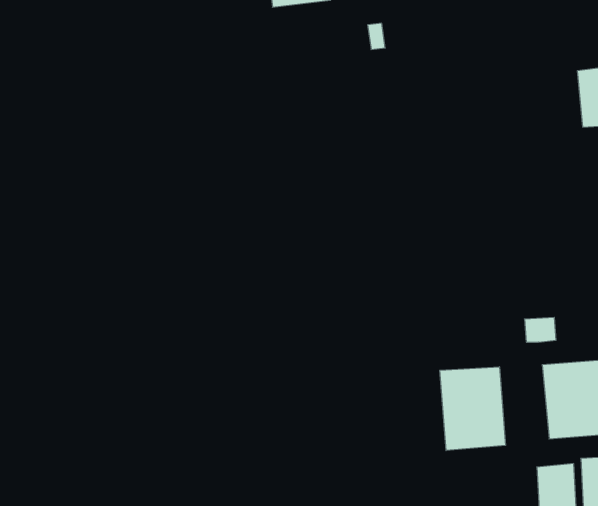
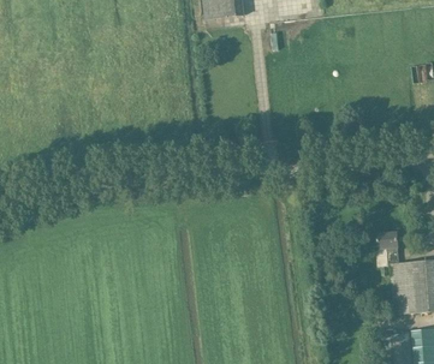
building: [440,367,506,451] -> none

